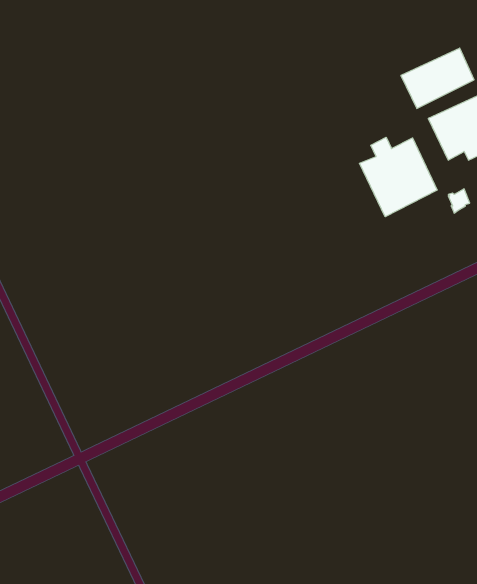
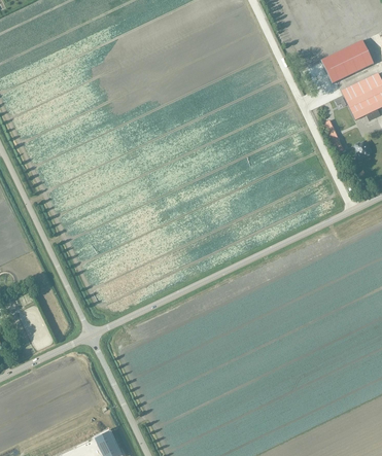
building: [359,137,437,217] -> none

